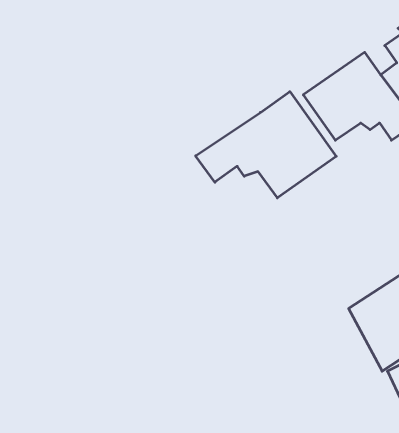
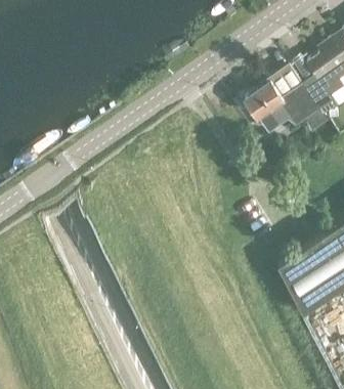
building: [196,92,336,198] -> none

